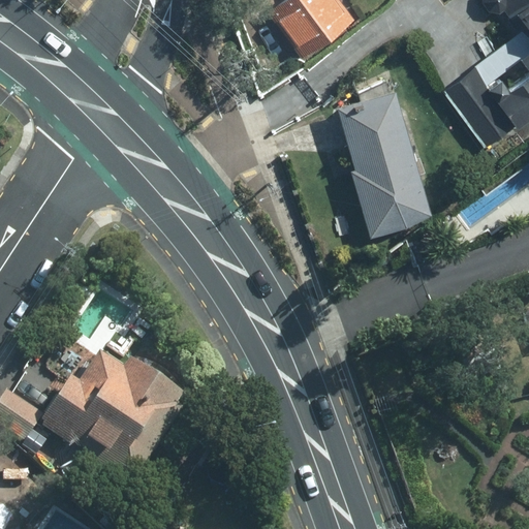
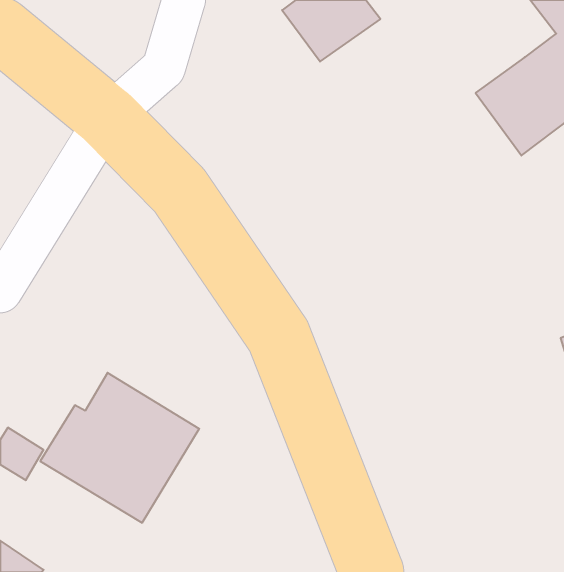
building: [341,91,426,230] -> none

